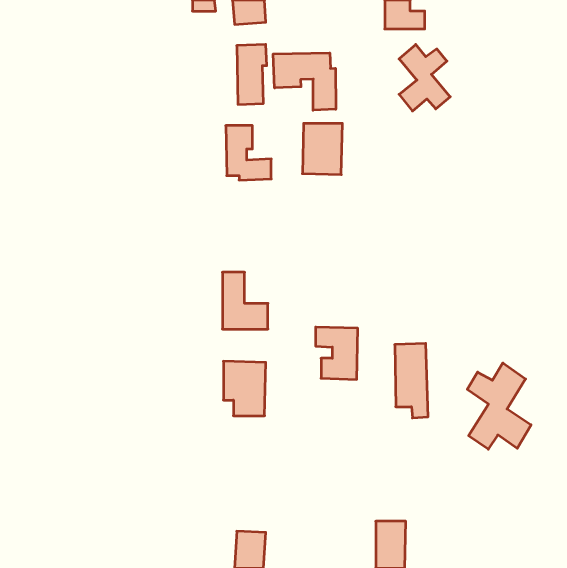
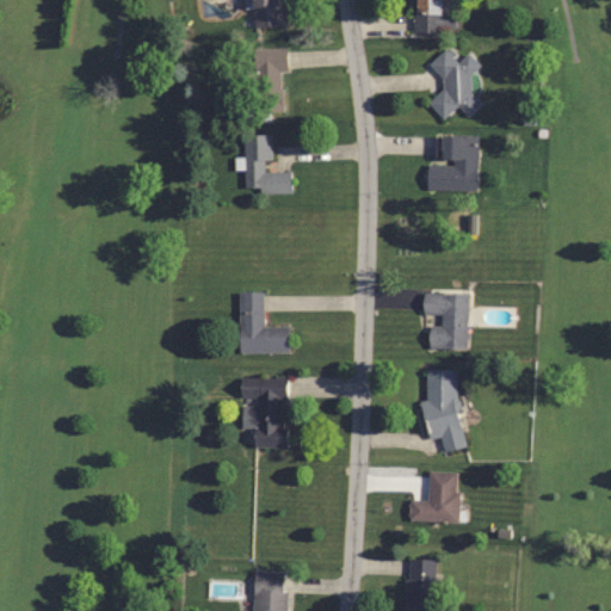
building: [273,53,336,110] -> none
building: [302,123,342,175] -> [434,136,477,191]
building: [316,327,358,379] -> [424,292,469,348]
building: [467,363,531,449] -> none
building: none -> [411,471,459,521]

